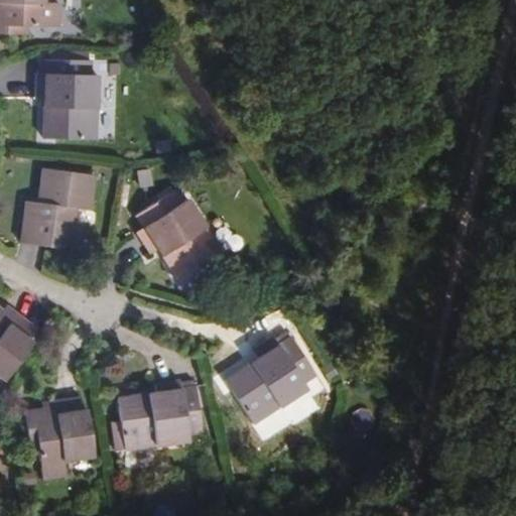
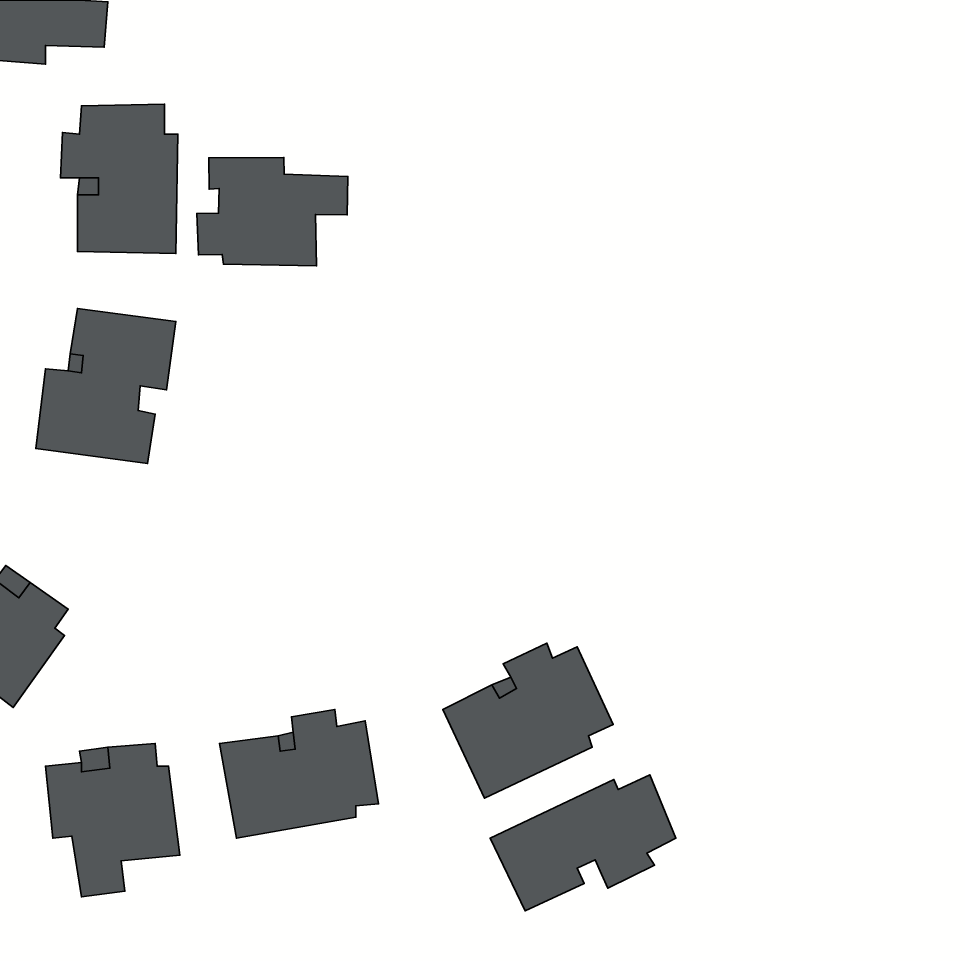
building: none -> [197,158,348,266]
building: [136,189,223,280] -> none
building: none -> [490,775,676,911]

